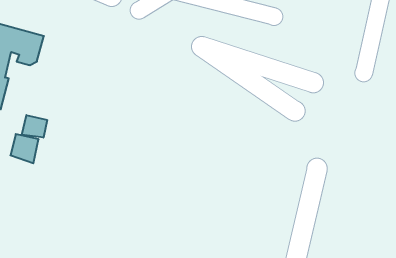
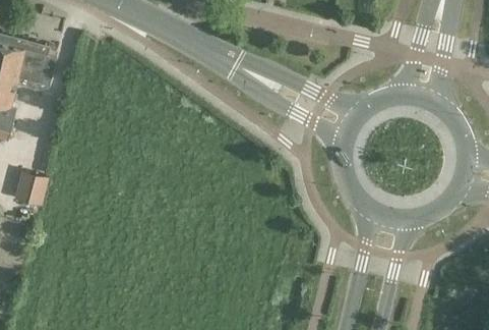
building: [22,115,47,138] -> none

